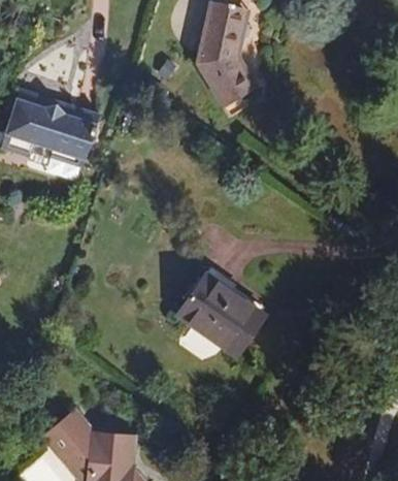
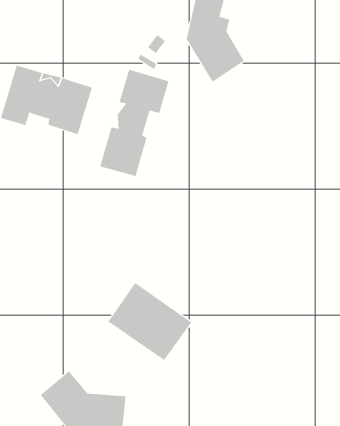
building: none -> [100,69,169,177]
building: [175,272,264,355] -> [107,282,192,361]

